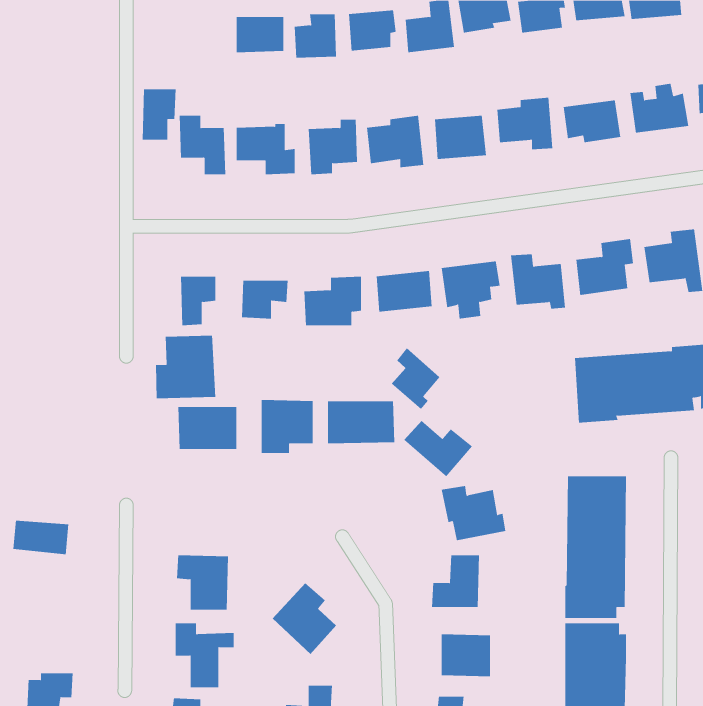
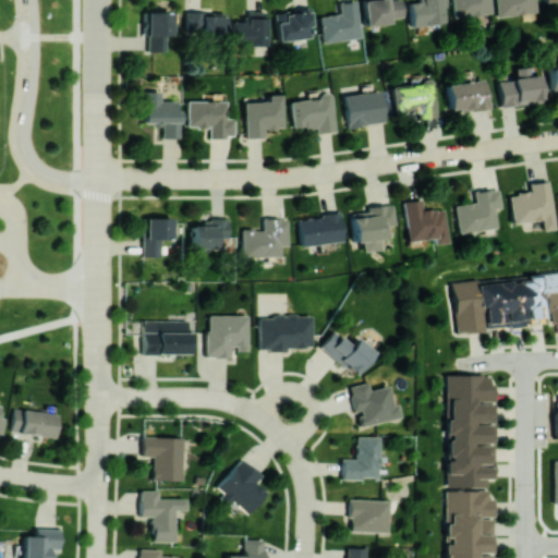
building: [142,89,176,140] -> [148,13,175,53]
building: [155,335,216,399] -> none
building: [391,347,440,410] -> none

